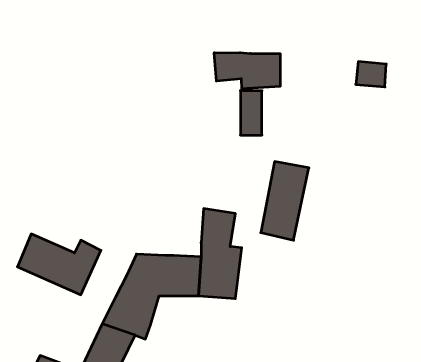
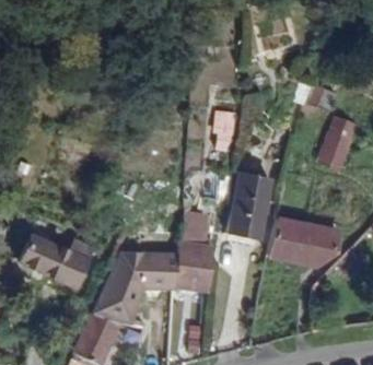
building: [214,53,280,89] -> none
building: none -> [323,115,361,169]
building: none -> [269,220,339,266]

